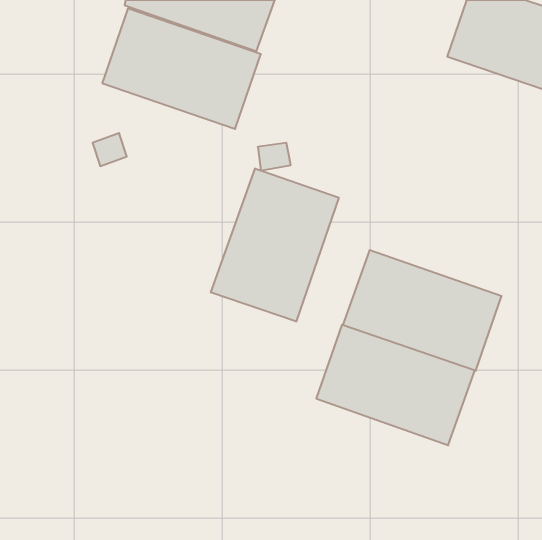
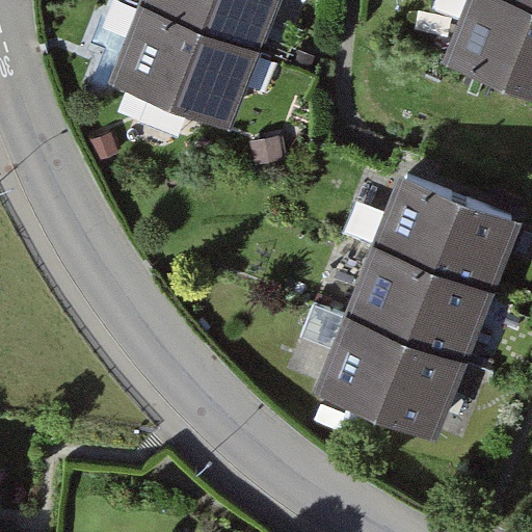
building: [211,168,339,322] -> none
building: none -> [363,176,517,293]

